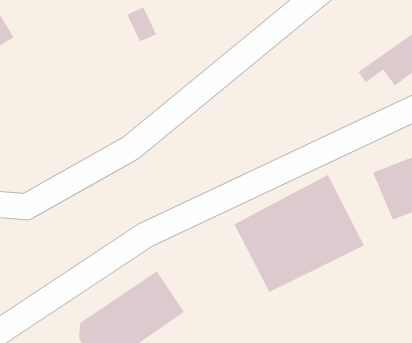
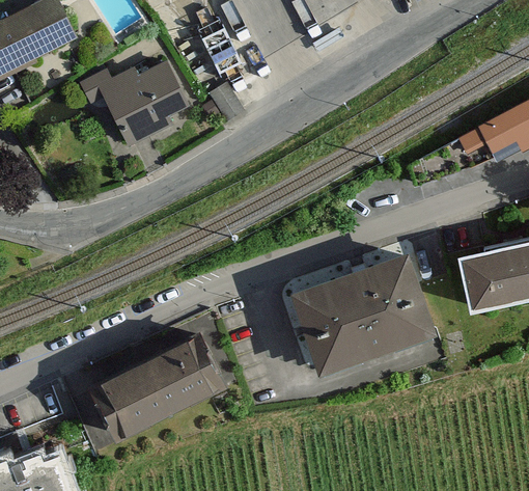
building: none -> [81,74,196,149]

